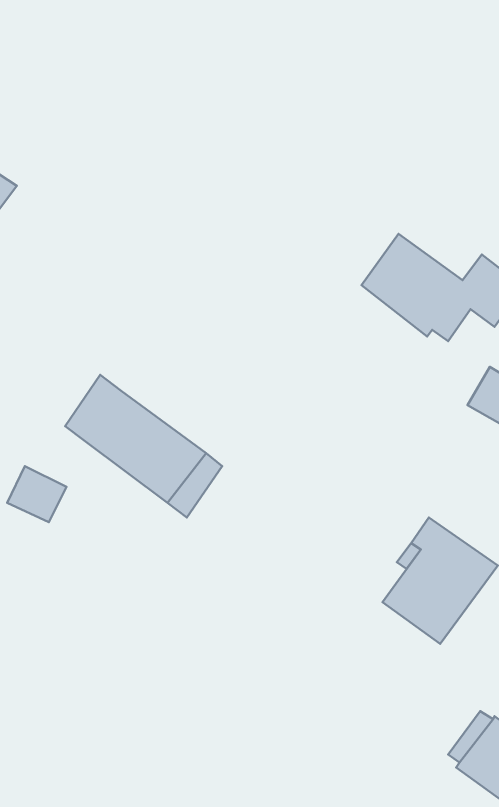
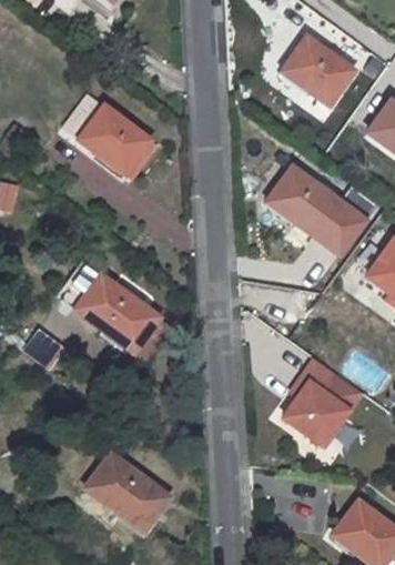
building: none -> [283,37,356,105]
building: none -> [64,94,151,173]
building: none -> [87,454,171,532]

